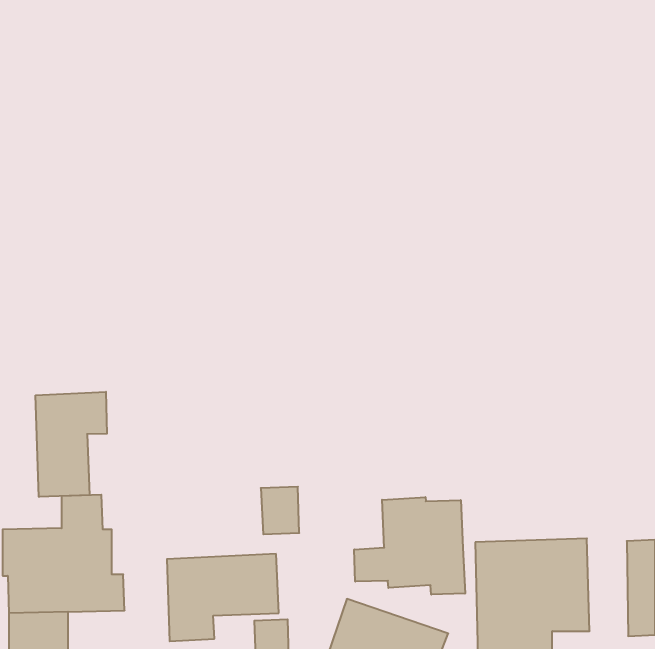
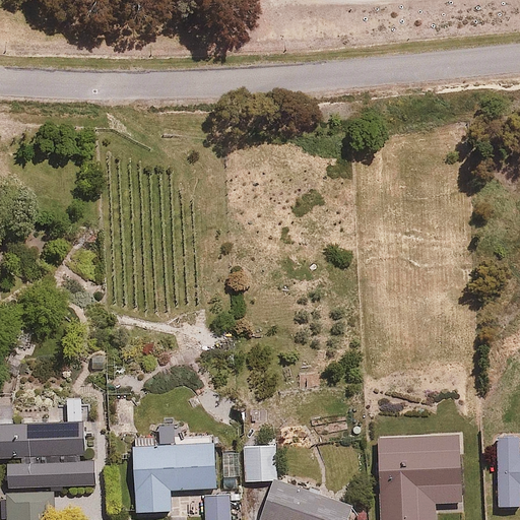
building: [36,392,107,497] -> none
building: [261,487,299,534] -> [243,446,273,483]
building: [354,497,465,595] -> none

